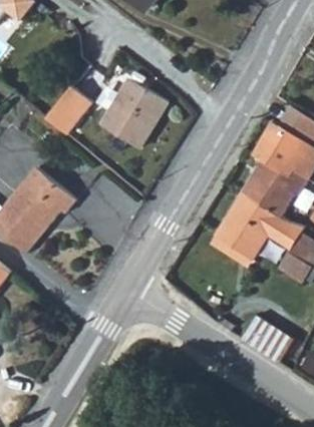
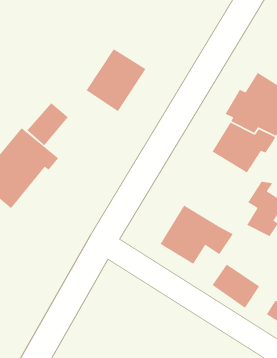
building: [44,84,89,131] -> [27,102,69,146]
building: [213,192,292,257] -> [159,205,234,265]

